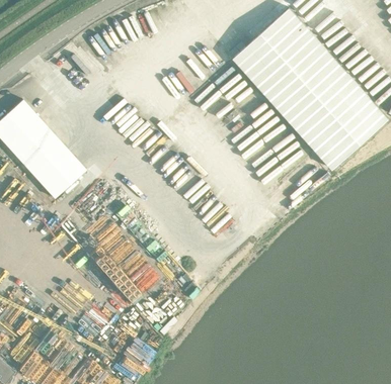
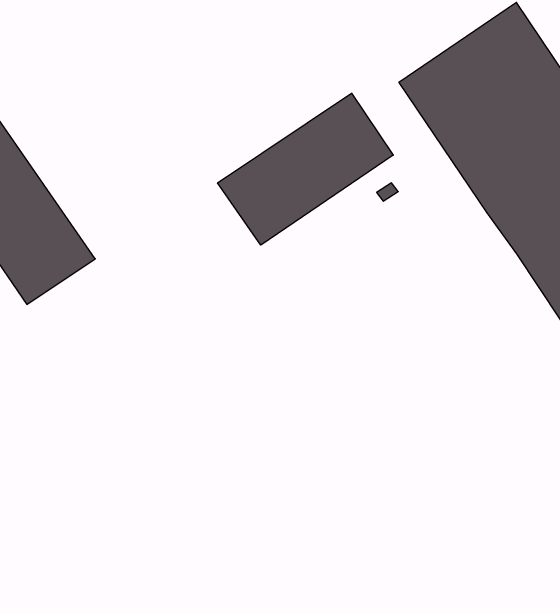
building: none -> [218,93,393,245]

